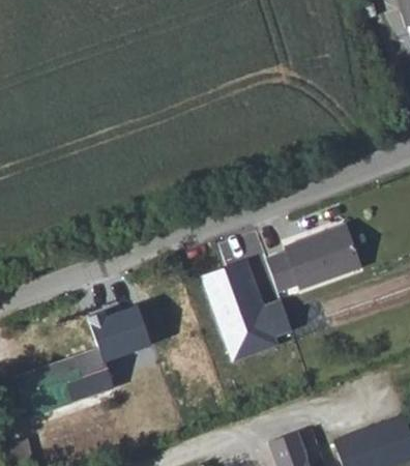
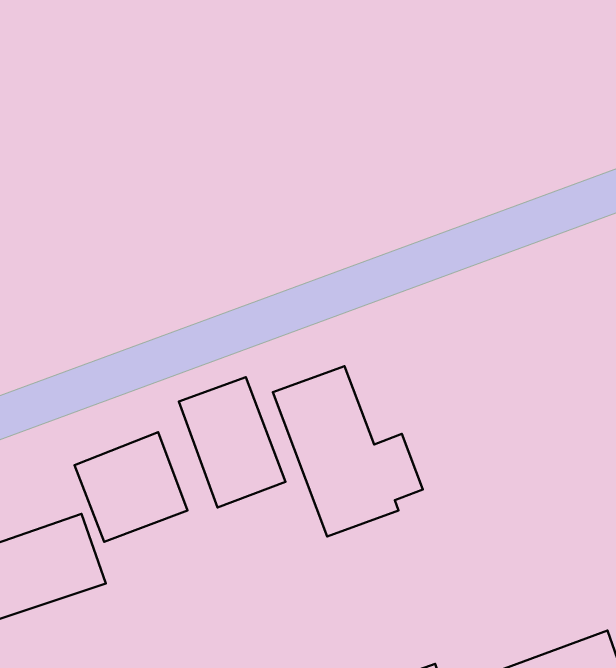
building: [267,226,362,292] -> none
building: none -> [179,377,286,507]

